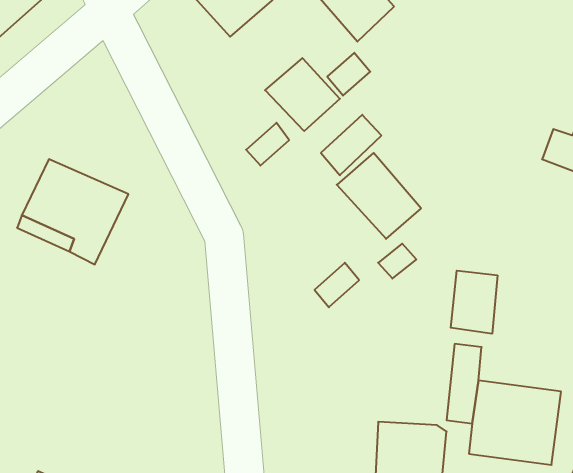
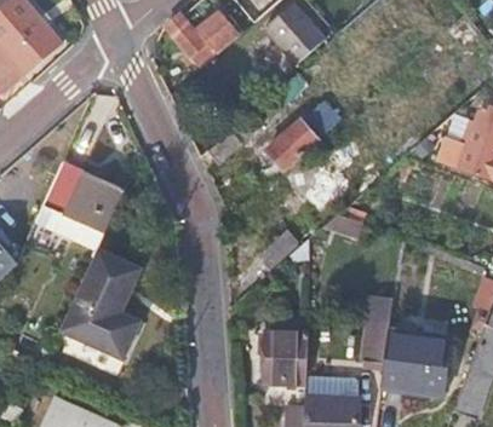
building: [265,58,340,131] -> none
building: [451,271,497,334] -> none
building: none -> [55,246,141,359]
building: none -> [263,328,308,380]

